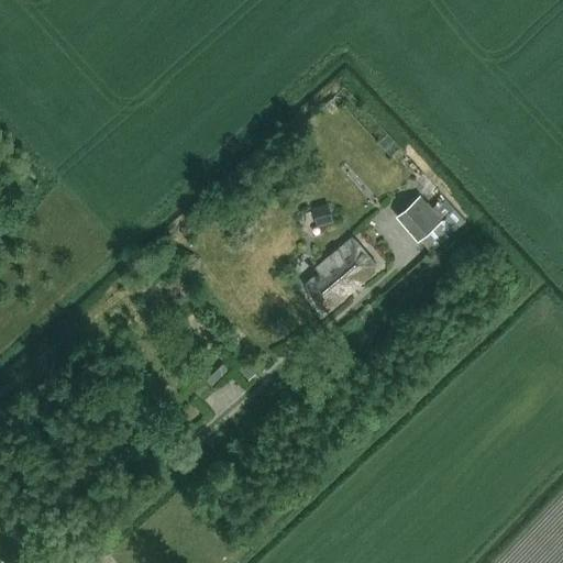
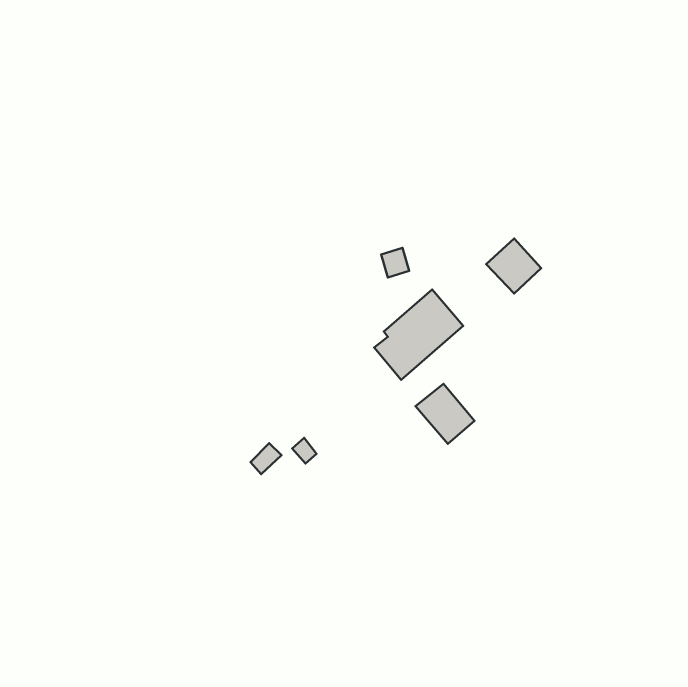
building: none -> [416,384,475,444]

